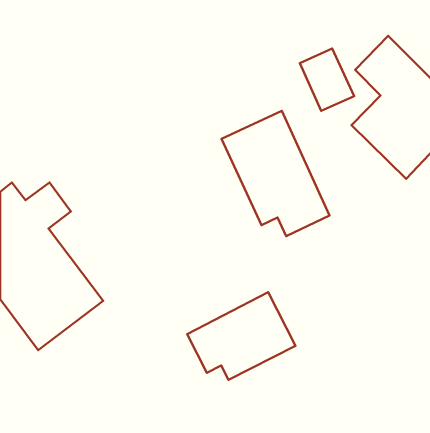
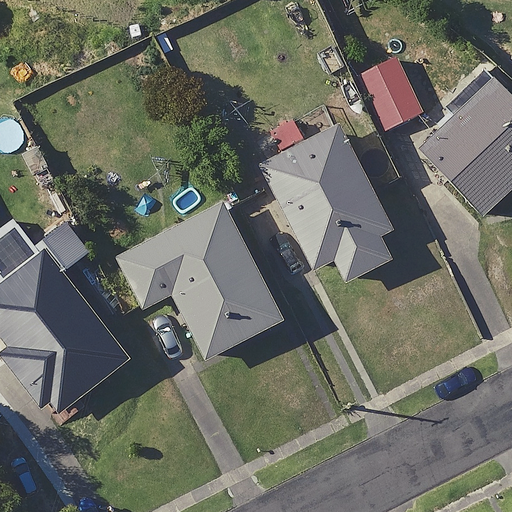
building: none -> [120,208,276,357]
building: [187,292,295,380] -> none

